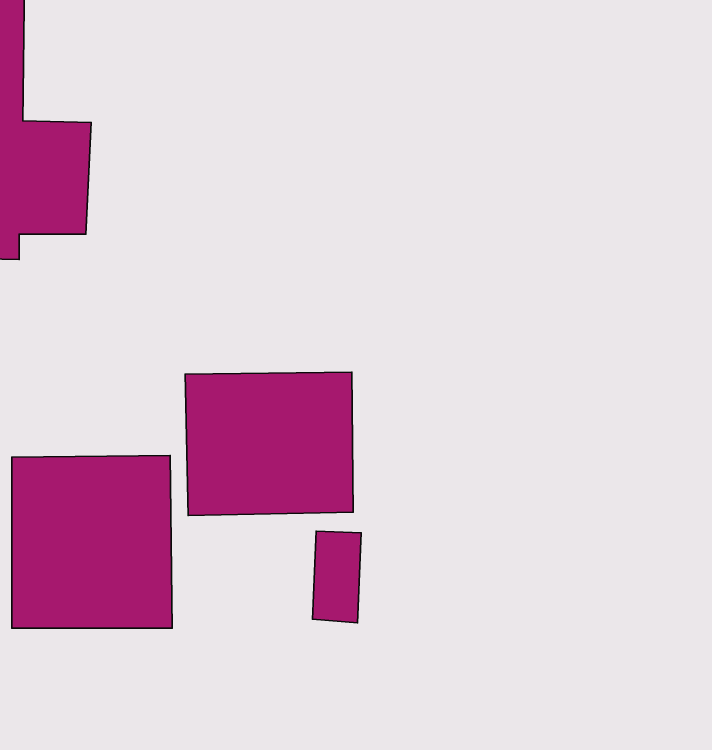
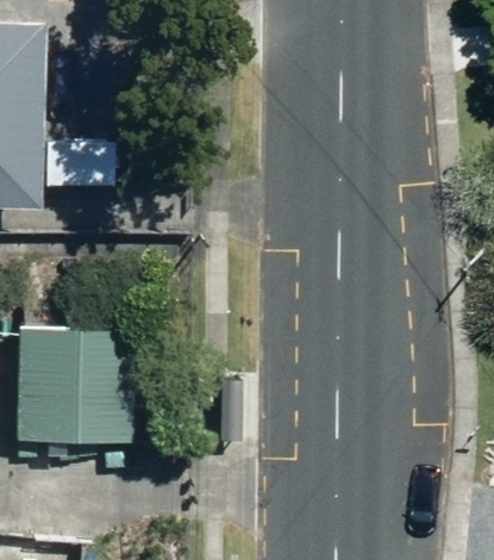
building: [185,372,353,515] -> none

